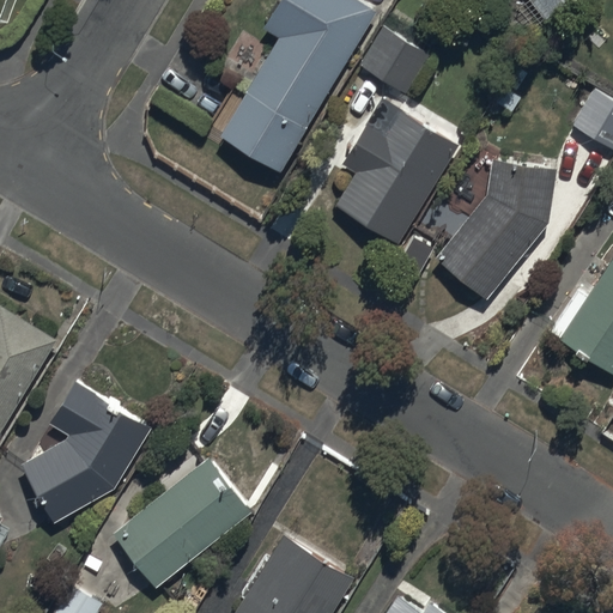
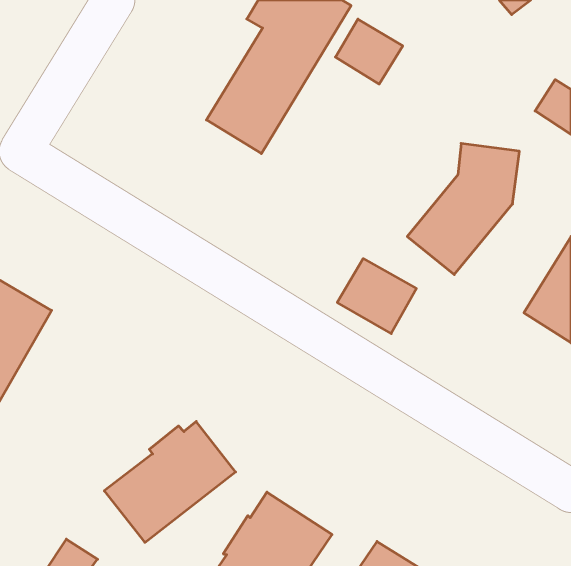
building: [334,109,457,247] -> none
building: none -> [337,259,416,334]
building: [22,380,152,523] -> none

